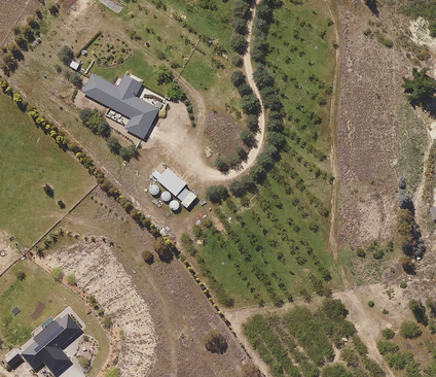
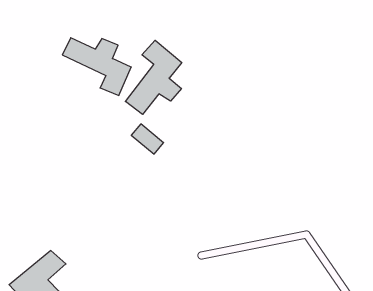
building: none -> [125,40,182,114]

